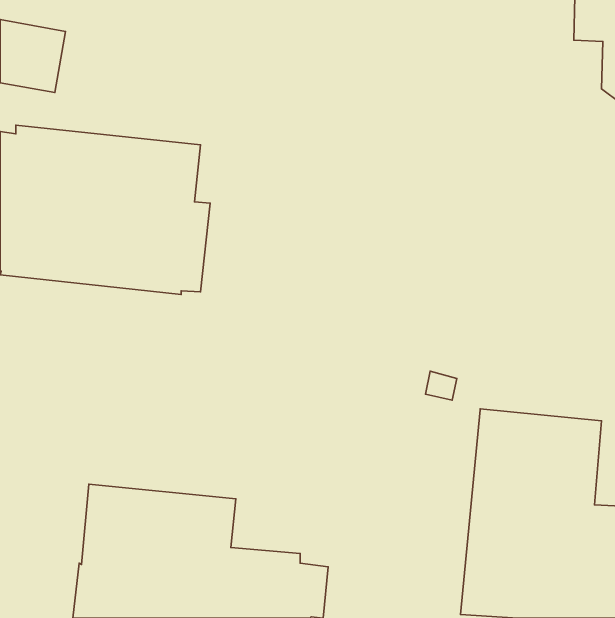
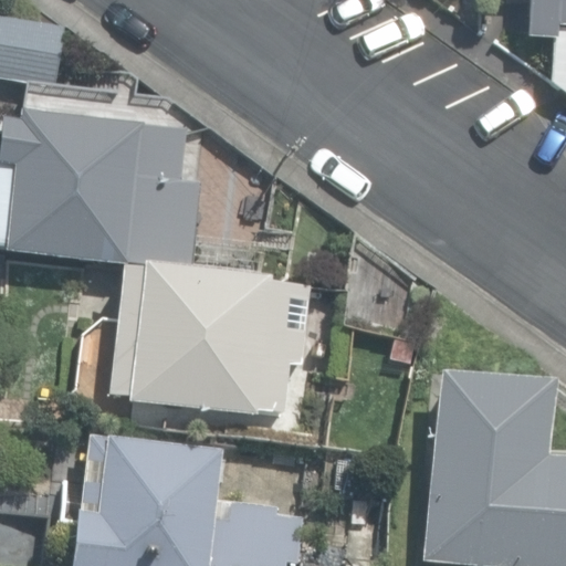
building: none -> [111,266,311,412]

